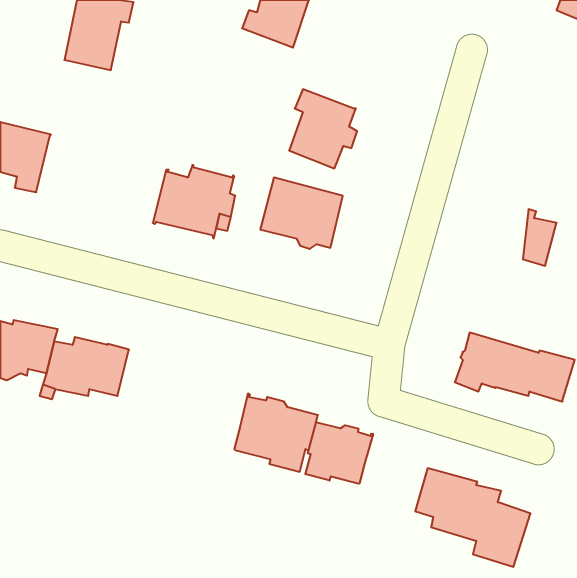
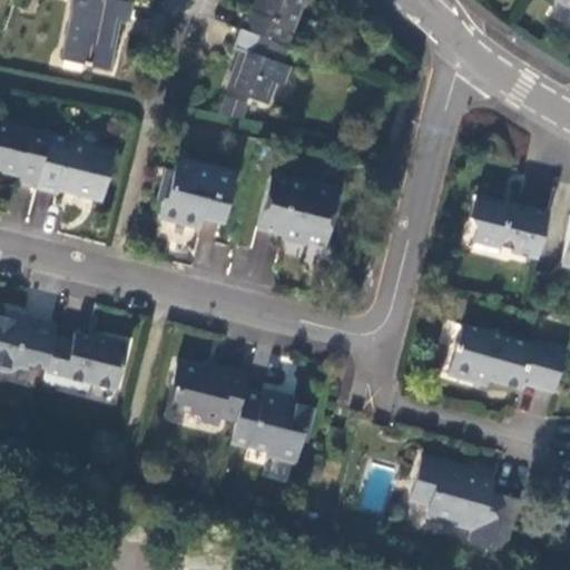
building: [289,89,357,168] -> [226,28,293,106]
building: none -> [37,134,115,197]
building: none -> [472,197,521,255]
building: none -> [173,362,248,424]
building: [305,422,373,484] -> none

